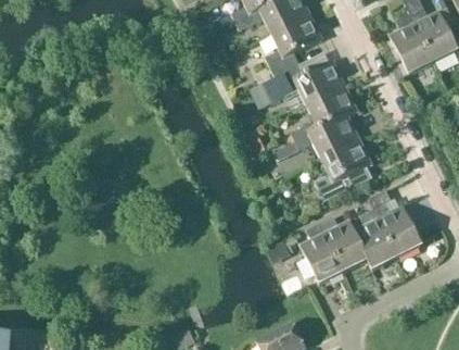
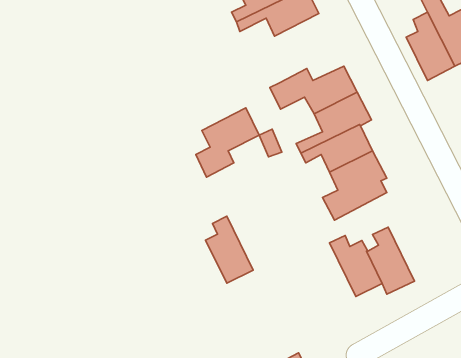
building: [265,14,322,77] -> [196,108,259,177]
building: [369,190,422,258] -> none
building: [301,223,344,284] -> [205,216,253,283]

